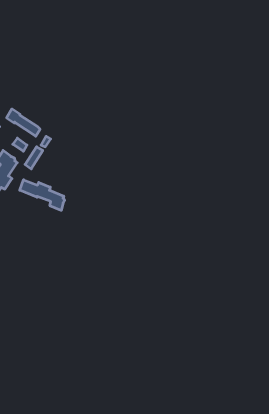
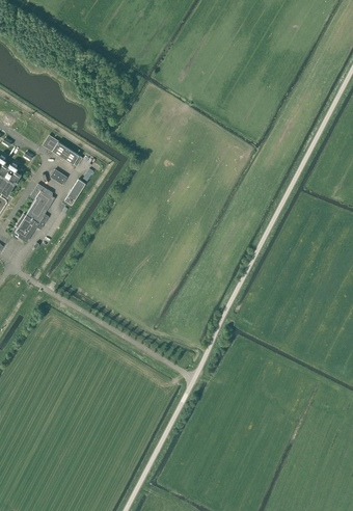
building: [20,180,65,210] -> none

